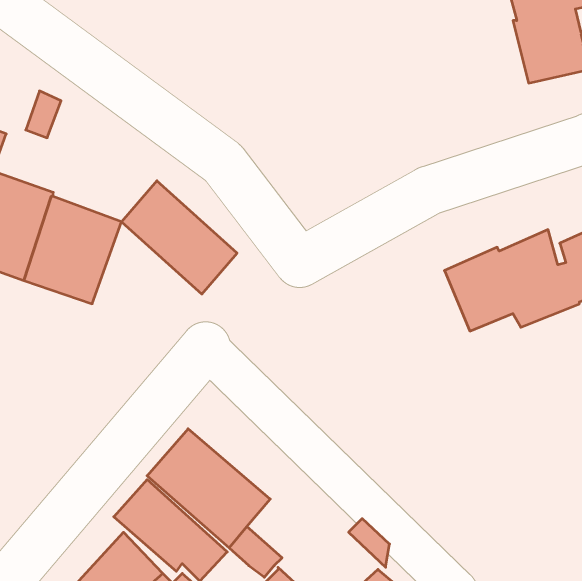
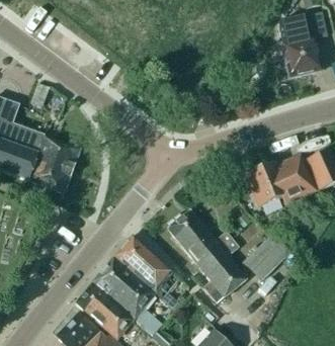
building: [122,181,237,294] -> [114,234,174,292]
building: none -> [167,209,246,300]
building: none -> [242,234,290,281]

